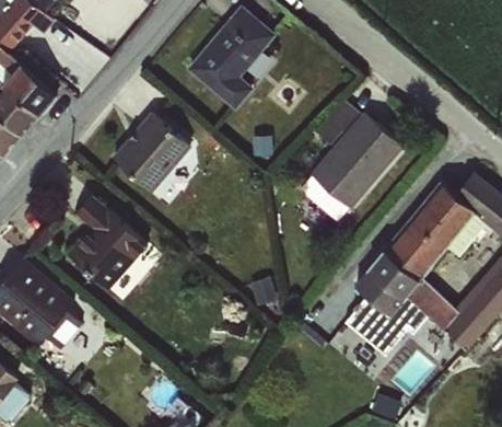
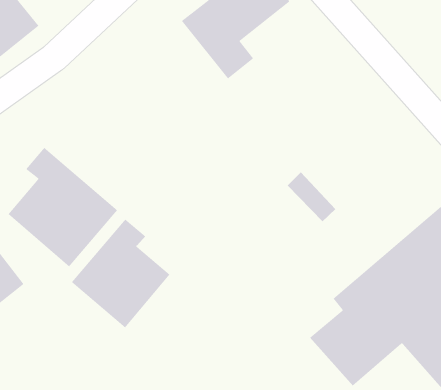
building: [308,107,405,210] -> none
building: [115,111,192,191] -> none
building: none -> [71,218,170,328]

